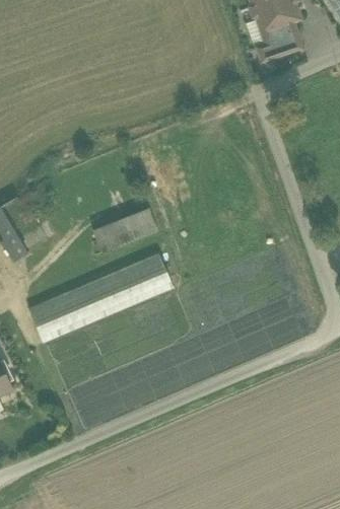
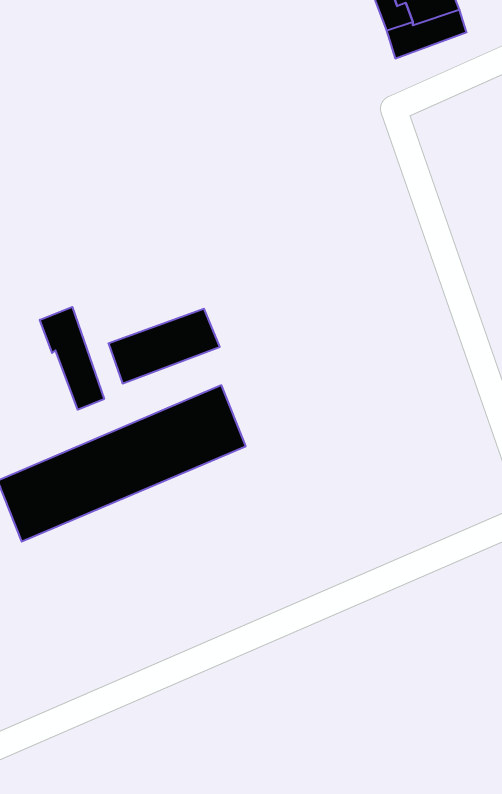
building: none -> [40,307,104,410]

